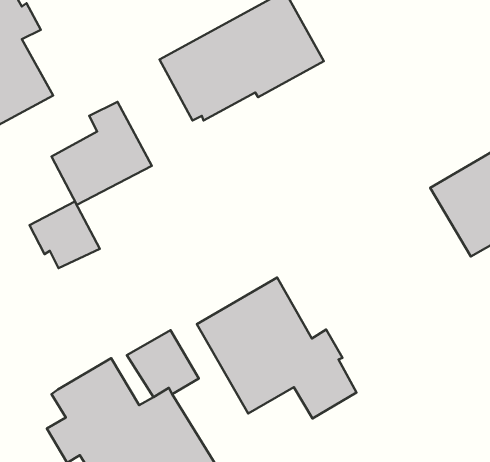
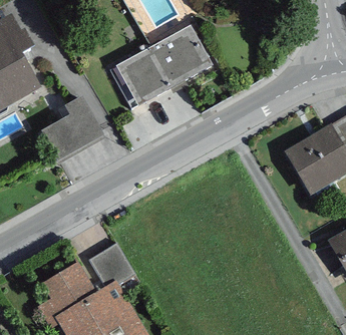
building: [29,201,100,268] -> none
building: [197,278,357,419] -> none

